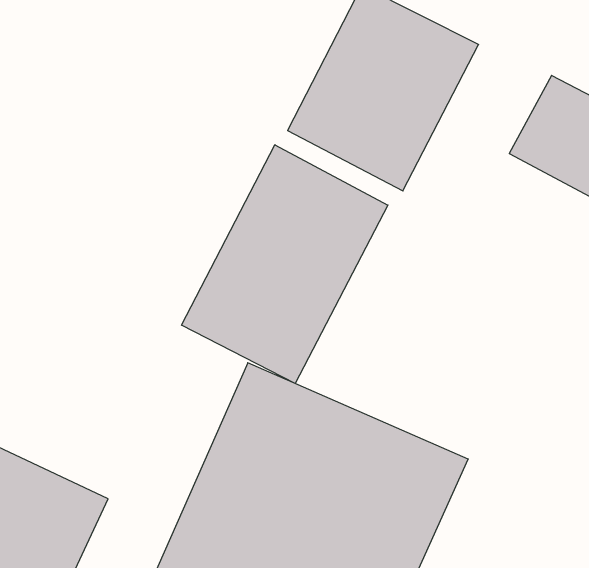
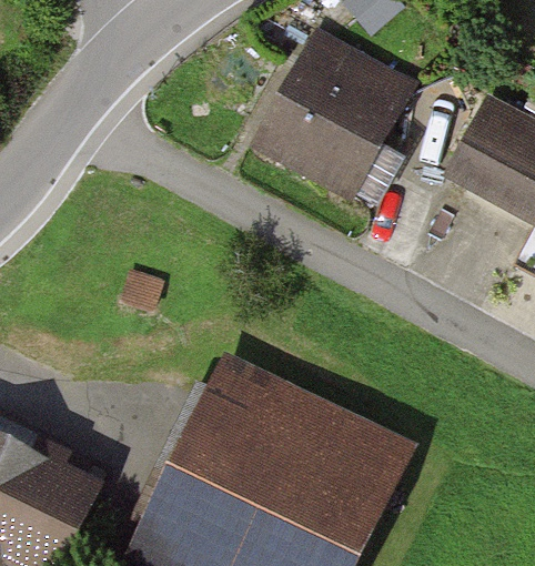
building: [182,145,388,383] -> none

